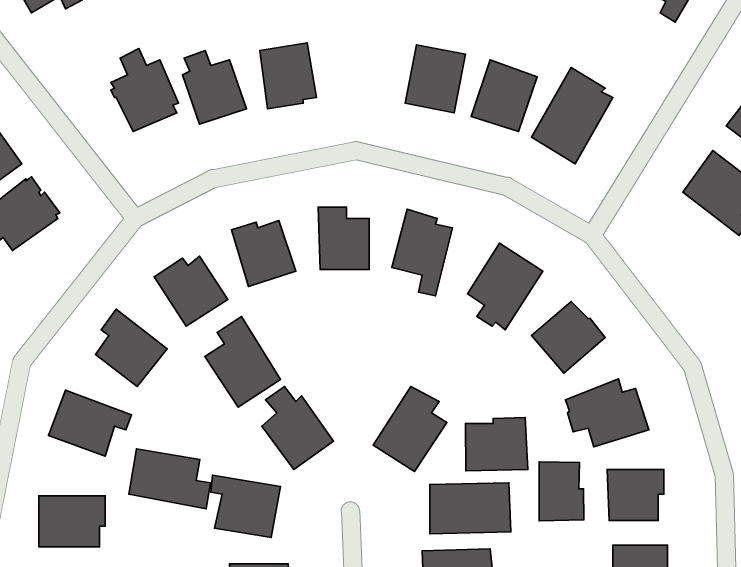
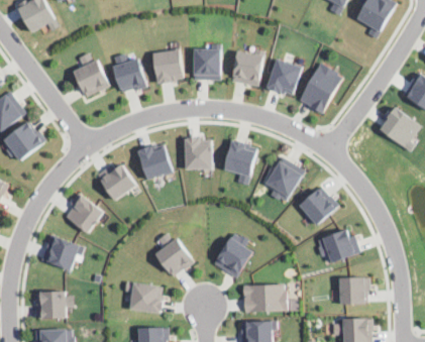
building: none -> [193,48,220,81]
building: [205,316,280,407] -> none
building: [466,417,528,471] -> none
building: [129,449,210,509] -> none
building: [539,462,584,521] -> none

